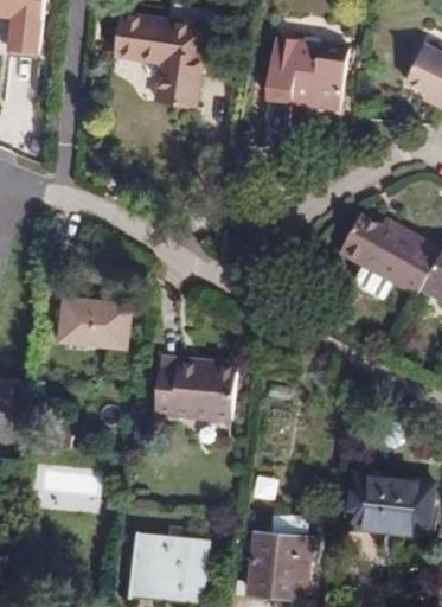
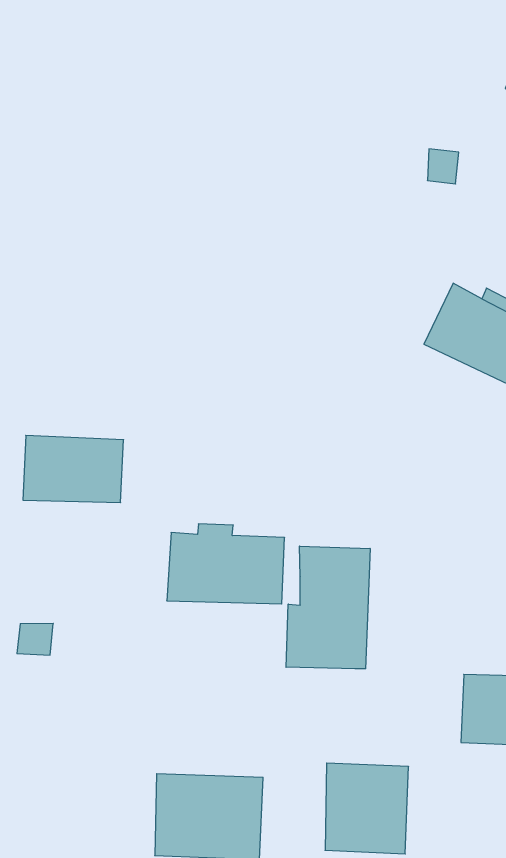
building: [113,14,205,108] -> none
building: [264,36,346,110] -> none
building: none -> [286,546,370,669]

